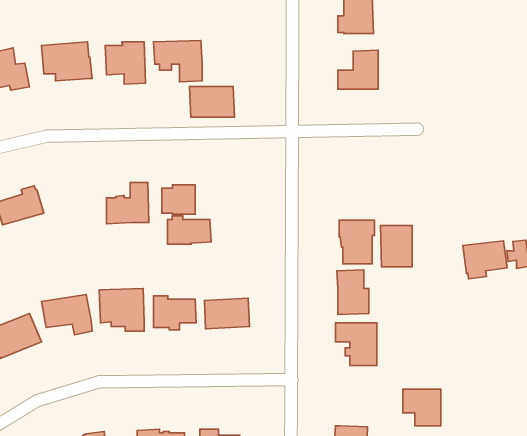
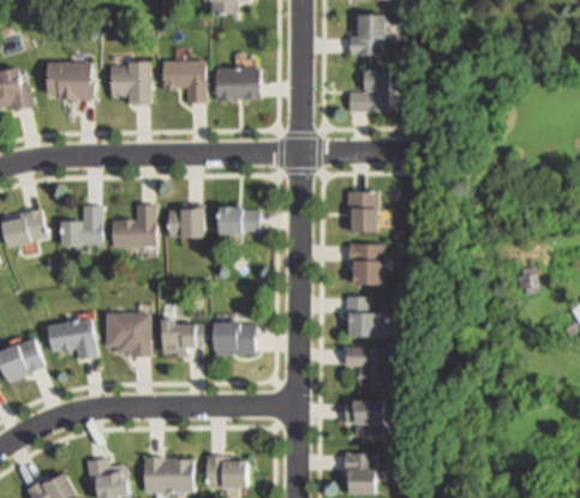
building: [190,86,234,117] -> [214,68,259,100]
building: none -> [61,205,102,244]
building: [167,216,211,244] -> [216,206,261,235]
building: [380,225,412,267] -> [346,191,378,233]
building: [463,241,507,279] -> none
building: [403,389,441,426] -> [345,401,383,438]

